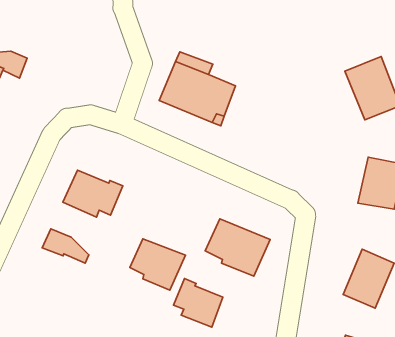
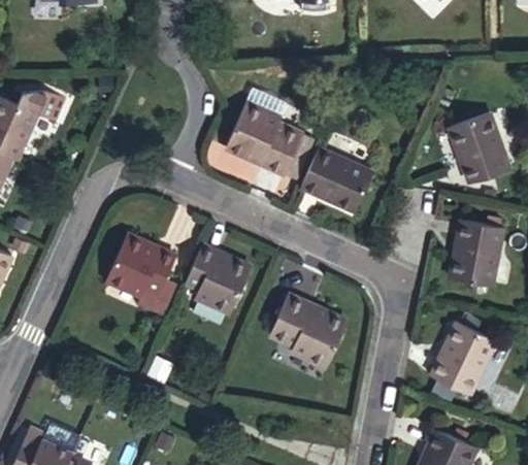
building: none -> [301,138,374,207]
building: [42,229,89,263] -> none
building: [130,239,185,290] -> [185,245,251,306]
building: [173,279,223,327] -> none

